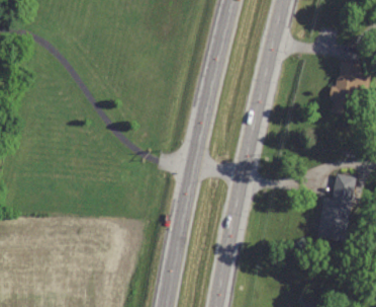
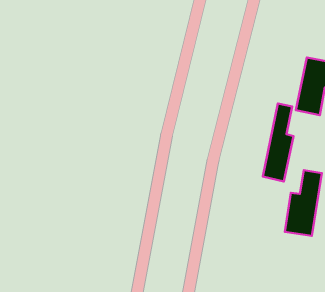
building: none -> [263,104,293,181]

